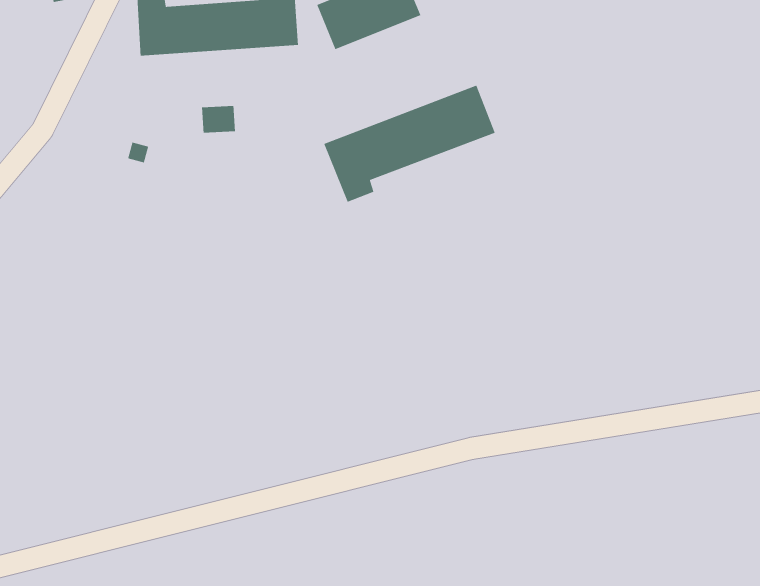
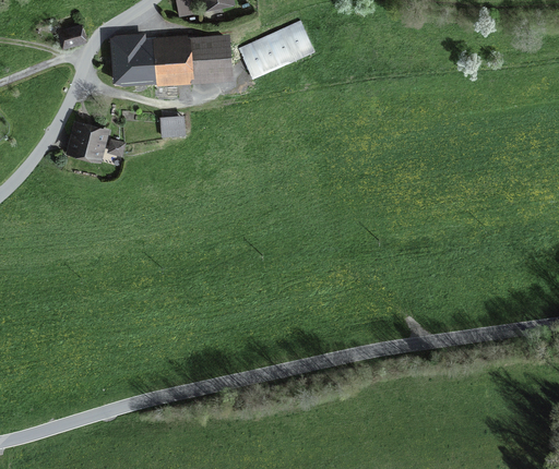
building: [323,84,496,203] -> none
building: none -> [68,123,105,160]

